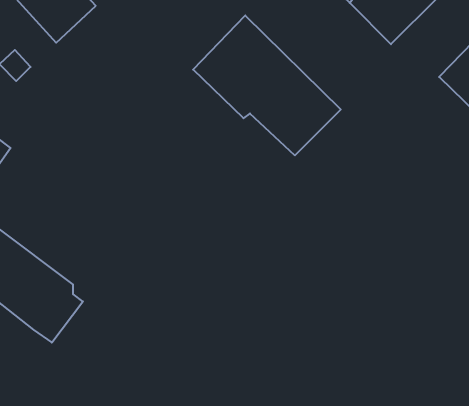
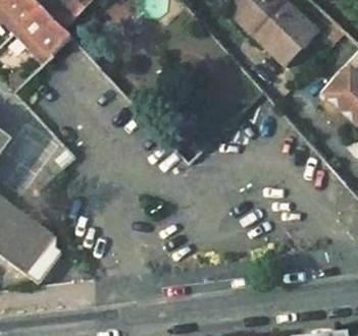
building: [193,15,341,155] -> none

